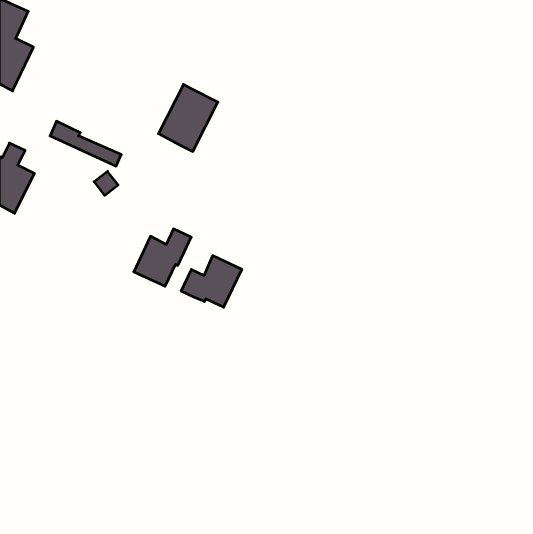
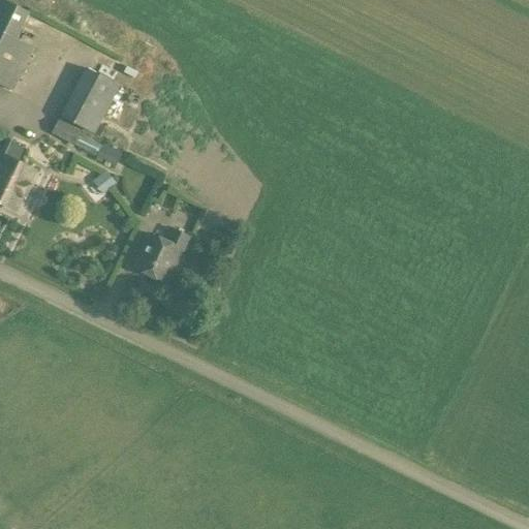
building: [158,84,218,151] -> [59,67,118,133]
building: [181,256,242,307] -> none

